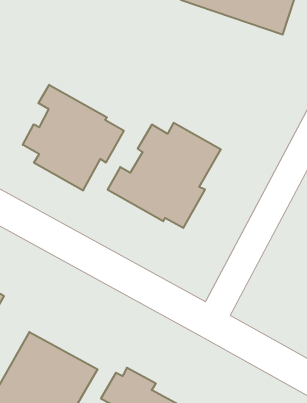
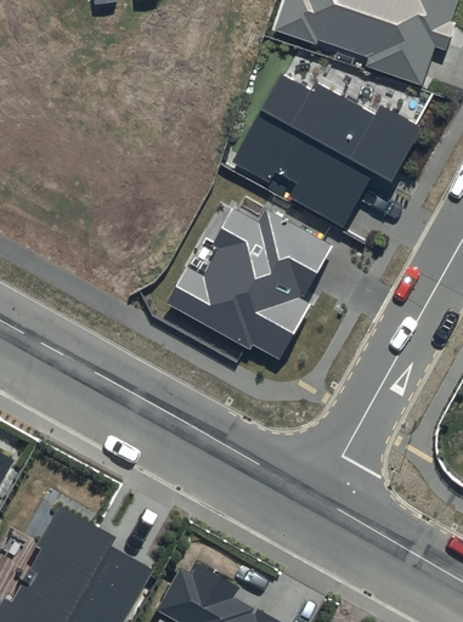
building: none -> [231,72,405,219]
building: [23,85,124,191] -> none

